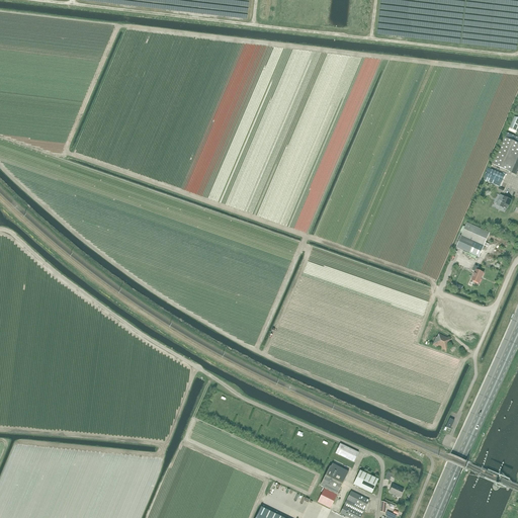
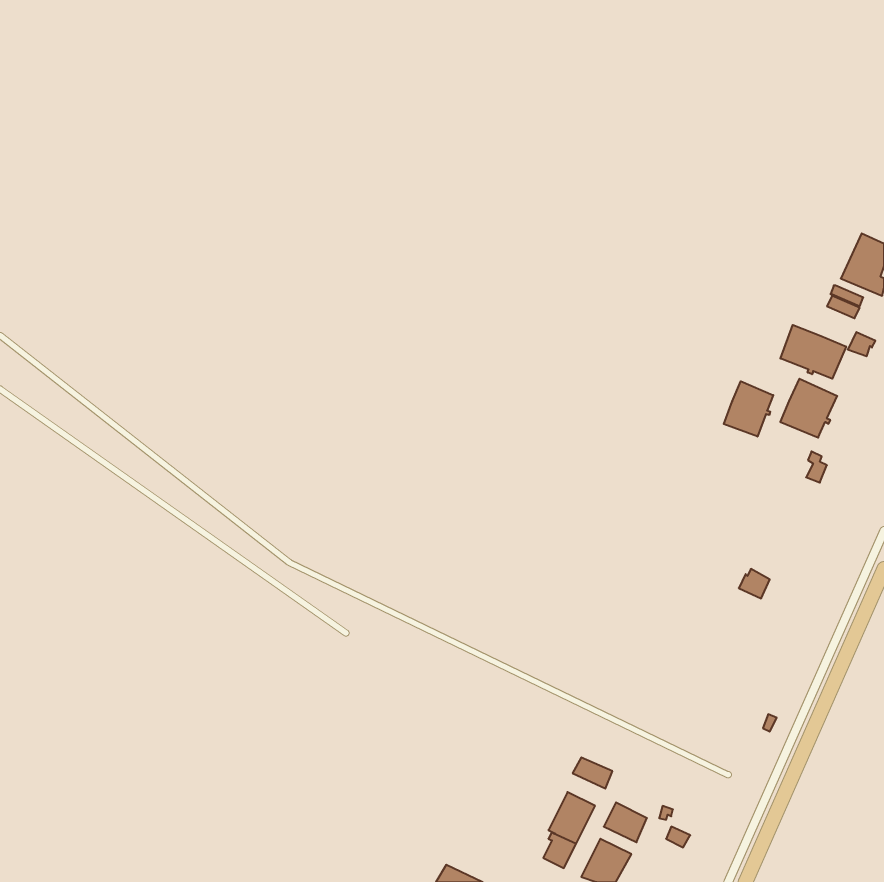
building: none -> [780,325,846,379]
building: none -> [724,381,773,437]

